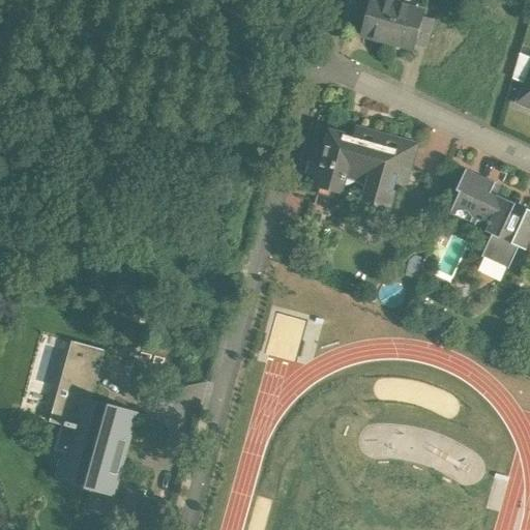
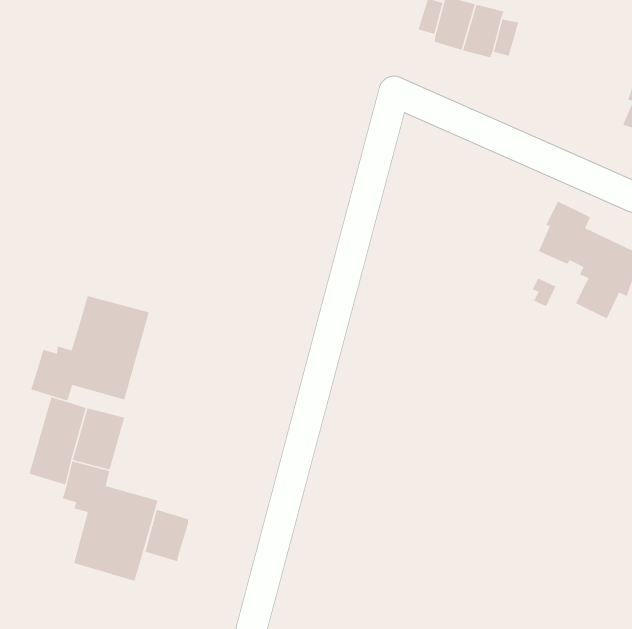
building: [307,127,417,206] -> none
building: none -> [30,295,150,402]
building: none -> [145,509,189,562]

